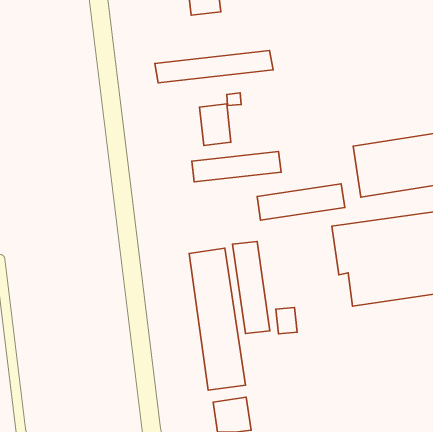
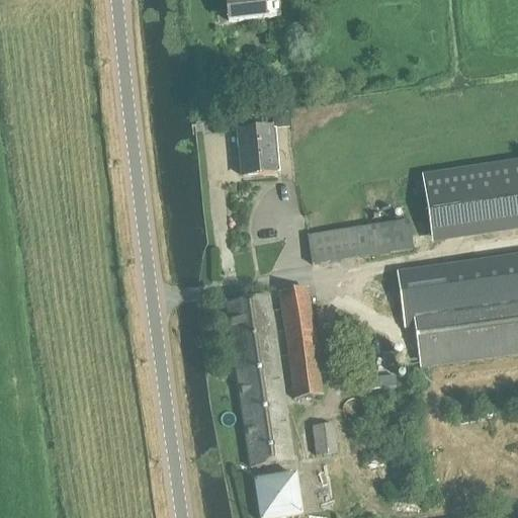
building: [155,51,273,83] -> none
building: [192,151,281,182] -> none
building: [276,308,297,334] -> [312,422,337,453]

